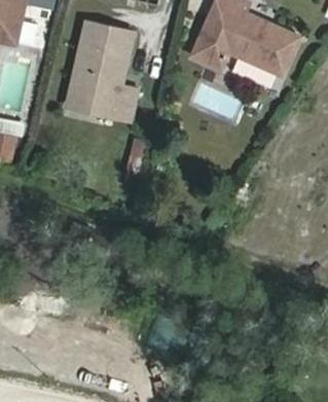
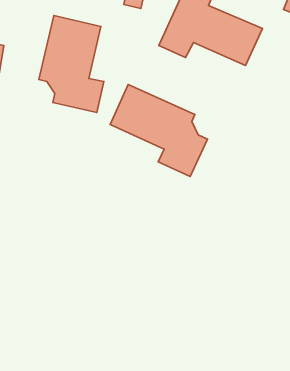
building: none -> [110,84,207,177]

